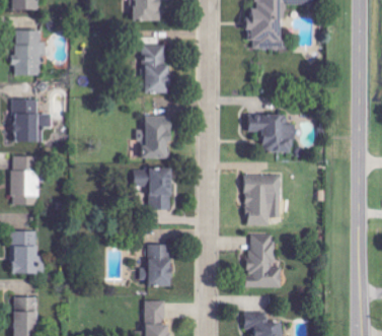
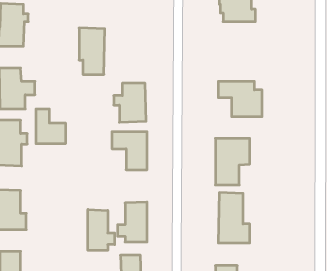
building: [141,45,168,94] -> [79,28,105,74]
building: none -> [36,109,65,144]
building: none -> [88,209,115,250]

